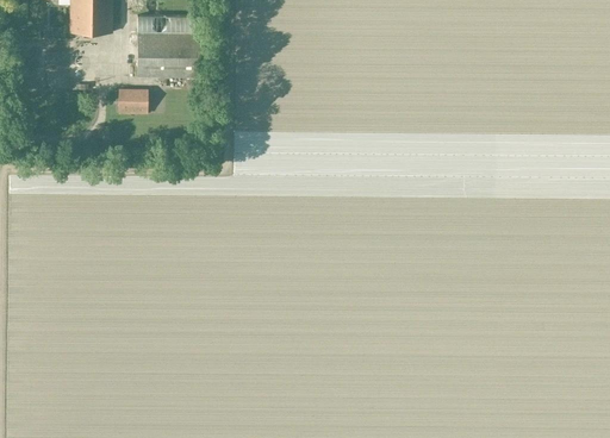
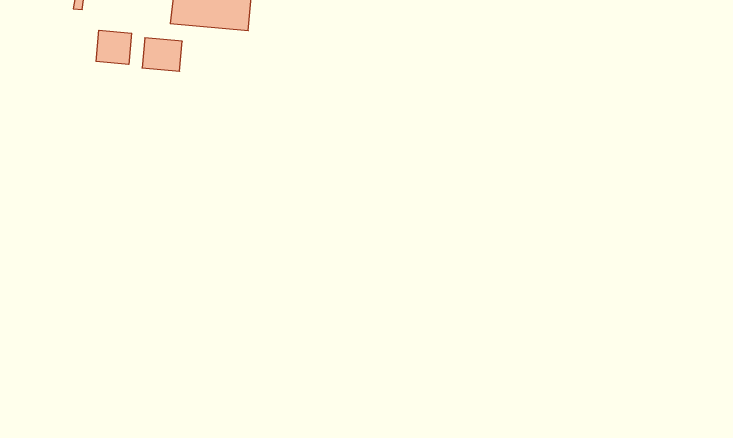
building: none -> [96,30,132,64]

